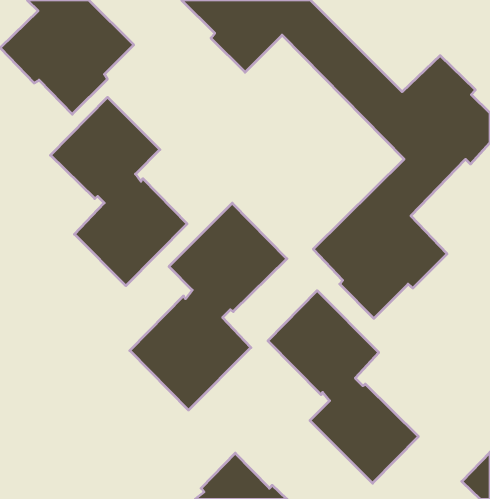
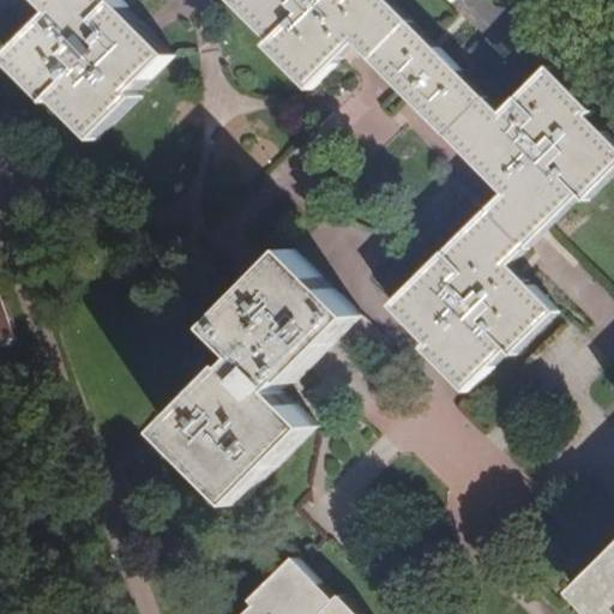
building: [50,97,187,286] -> none
building: [268,291,418,483] -> none

